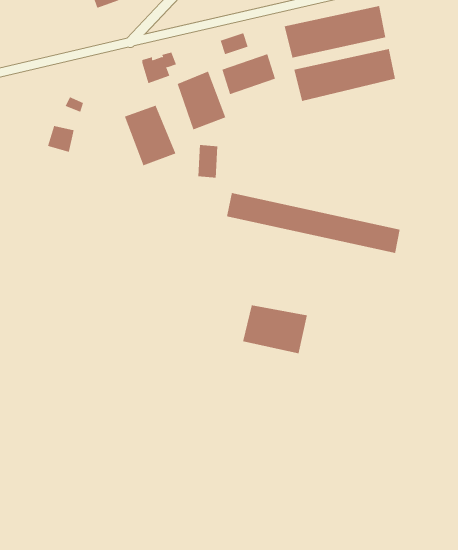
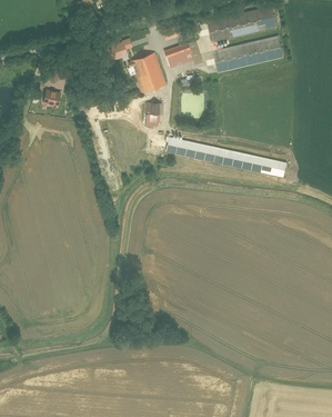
building: [124,105,176,166] -> none
building: [243,304,307,354] -> none

